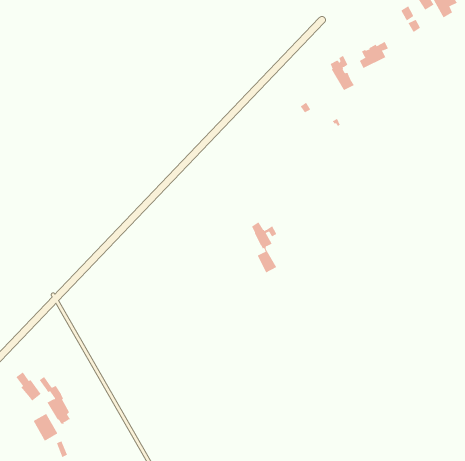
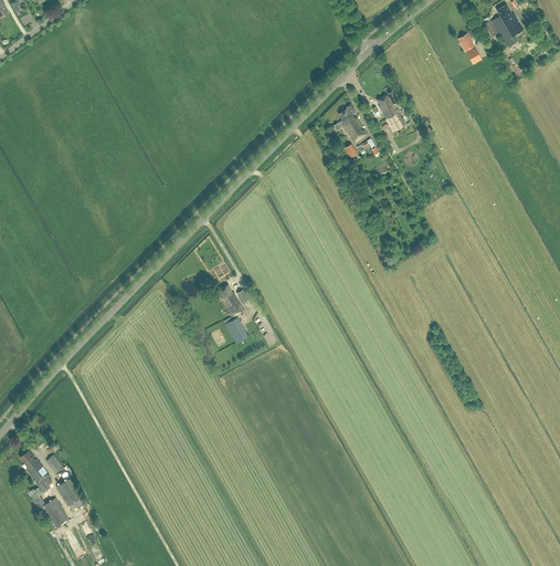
building: [359,41,389,69] -> none
building: none -> [334,104,367,142]
building: [251,222,277,273] -> [219,284,249,343]

